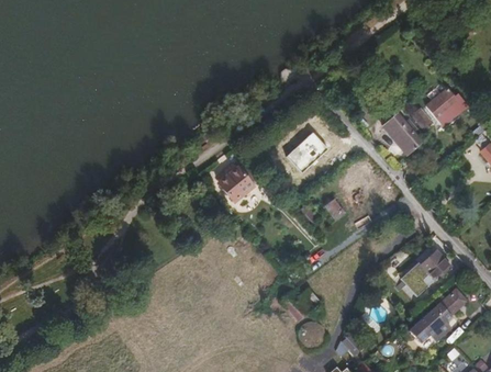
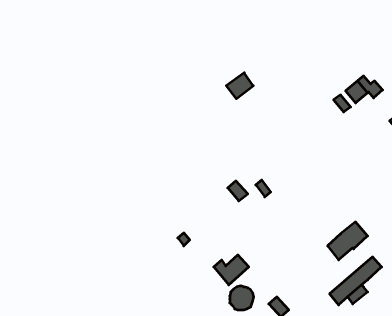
building: [382,116,421,156] -> none
building: [290,143,320,171] -> [226,73,253,99]
building: [219,167,253,201] -> none

